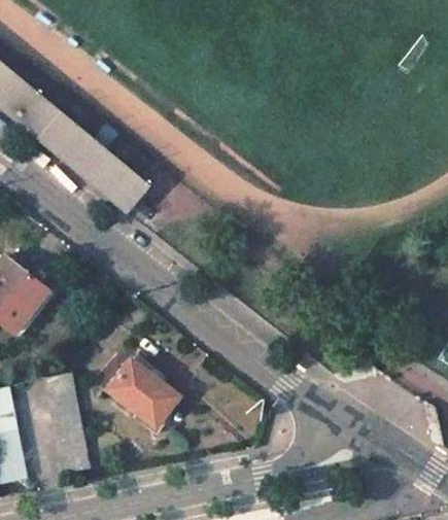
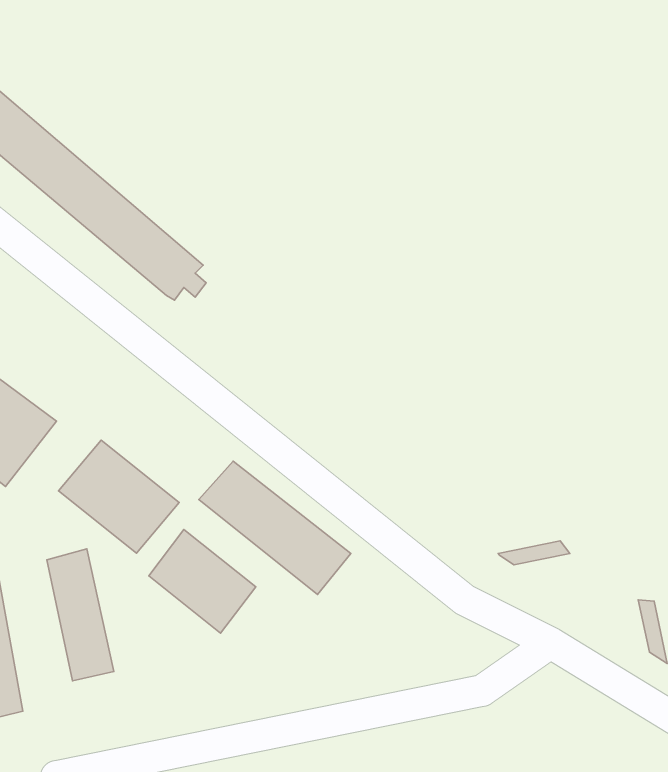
building: none -> [58,440,179,553]
building: none -> [199,461,351,594]

